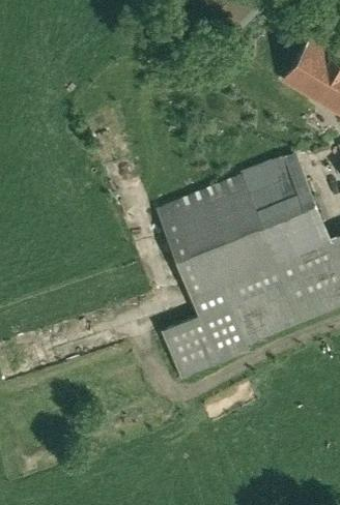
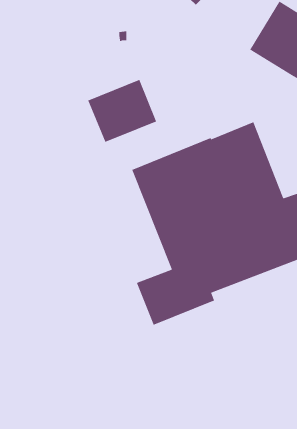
building: none -> [87,79,157,143]

